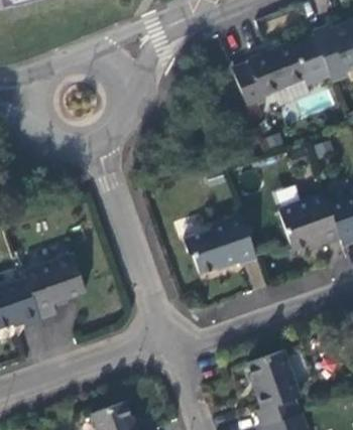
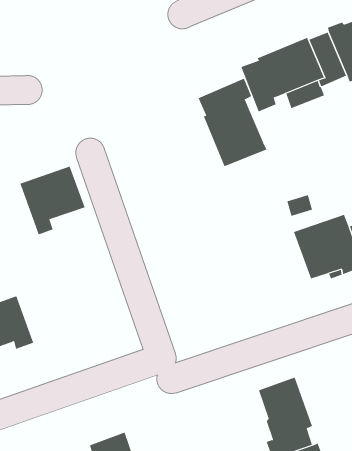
building: none -> [198,78,267,167]
building: [182,211,256,270] -> none
building: [24,255,85,318] -> [20,166,85,235]

